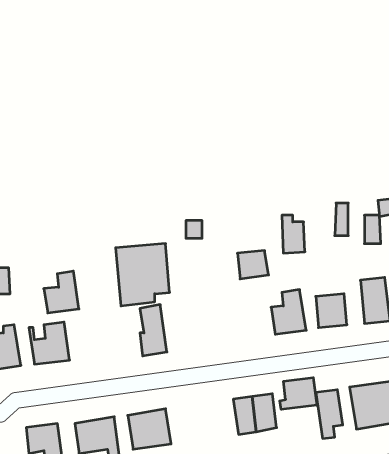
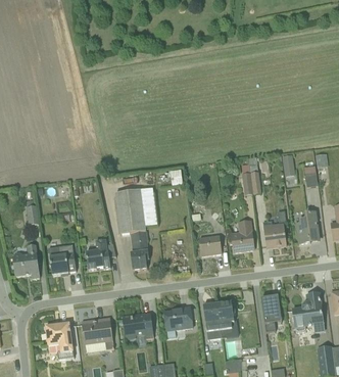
building: [237,251,269,279] -> [199,236,223,257]
building: [44,271,79,313] -> [85,240,111,272]
building: [280,378,317,409] -> none
building: none -> [163,305,194,331]

